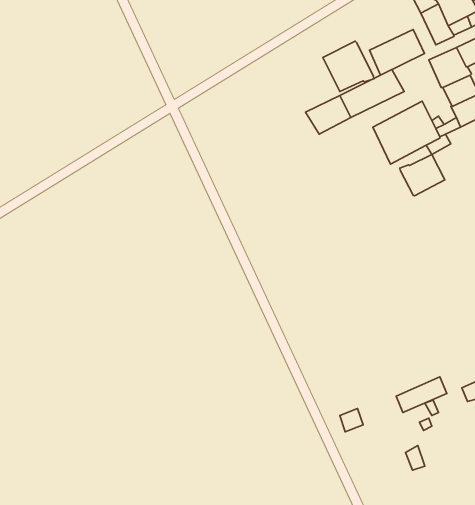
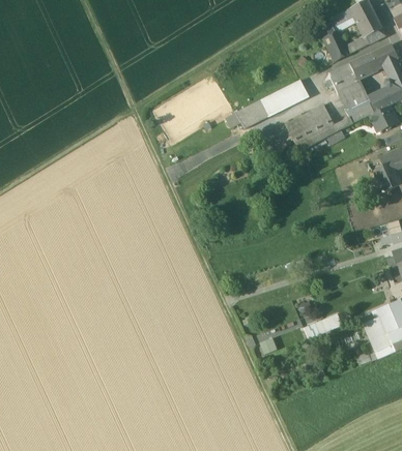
building: [370,29,425,75] -> none
building: [323,41,374,91] -> none
building: [400,155,445,196] -> none

